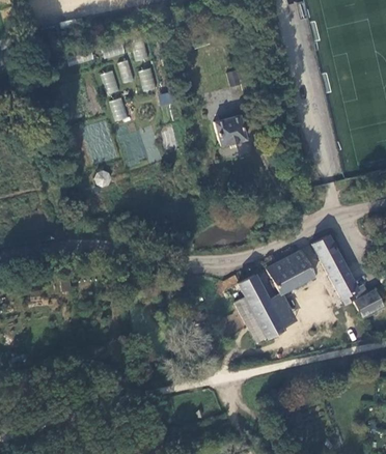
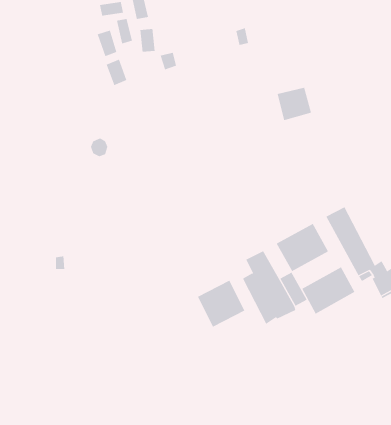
building: [215,115,247,146] -> [277,87,312,121]
building: none -> [301,266,355,314]
building: none -> [197,280,245,327]

